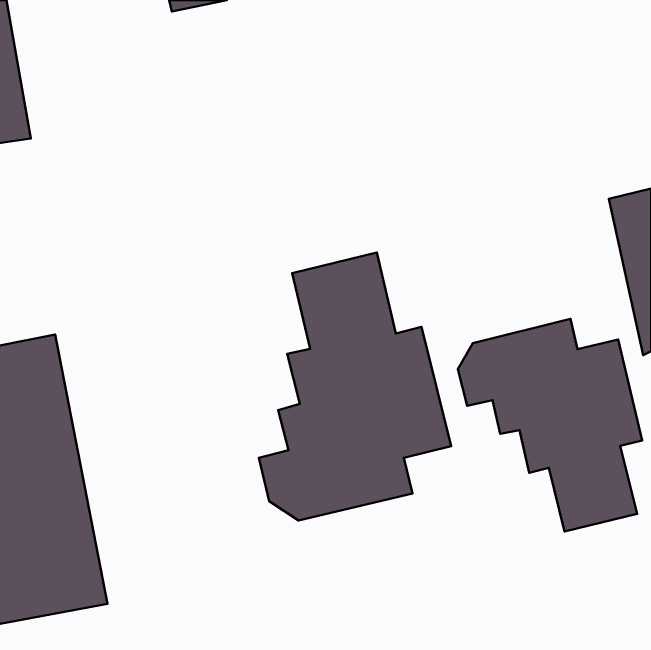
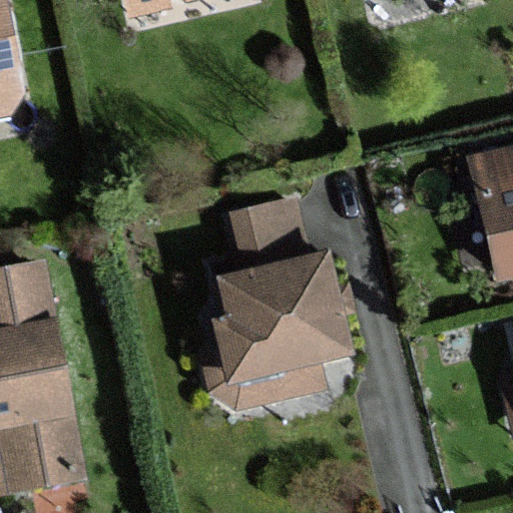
building: [458,319,642,532] -> none

